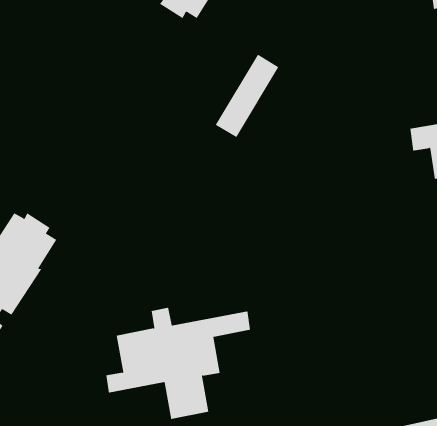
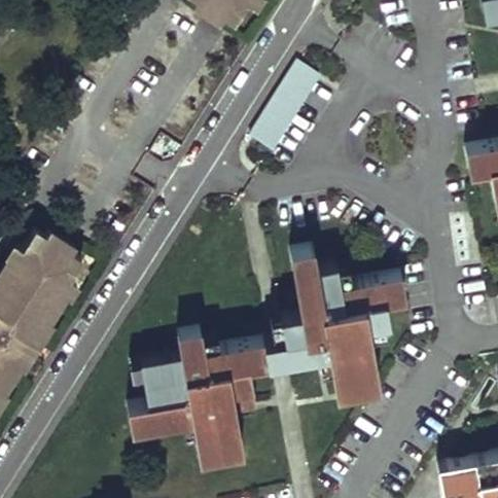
building: none -> [282,255,407,397]

